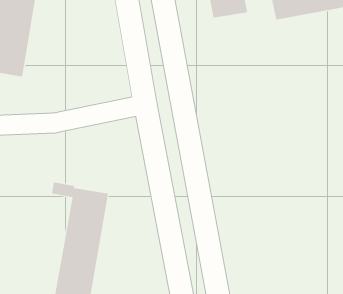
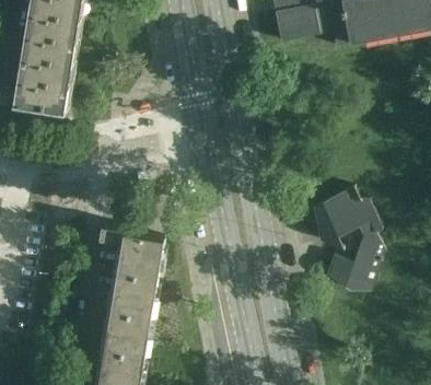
building: none -> [311,188,383,294]

